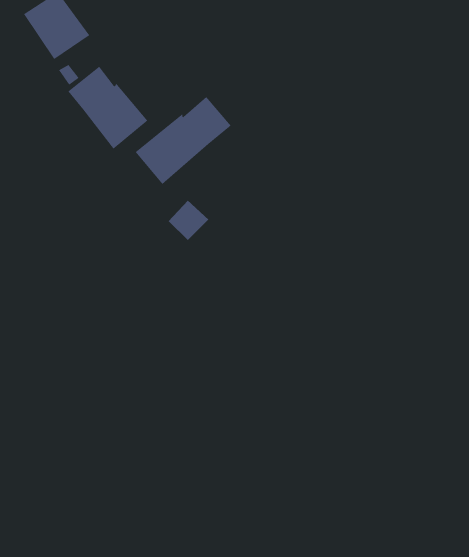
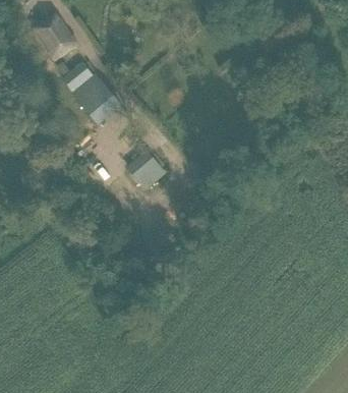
building: [135,96,231,185] -> none

